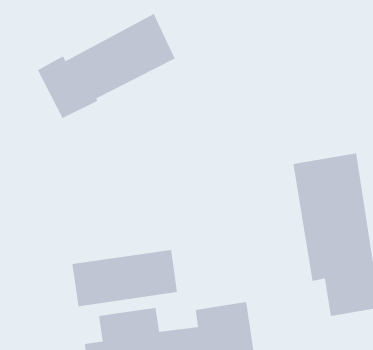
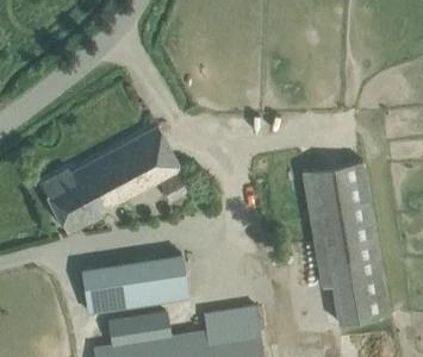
building: [37,13,176,119] -> [43,129,180,233]

